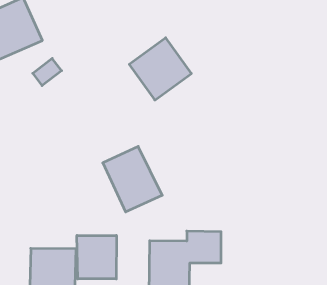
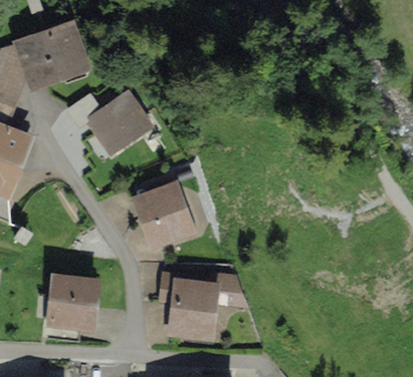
building: [129,38,191,100] -> [86,91,148,152]
building: [77,235,116,279] -> none

